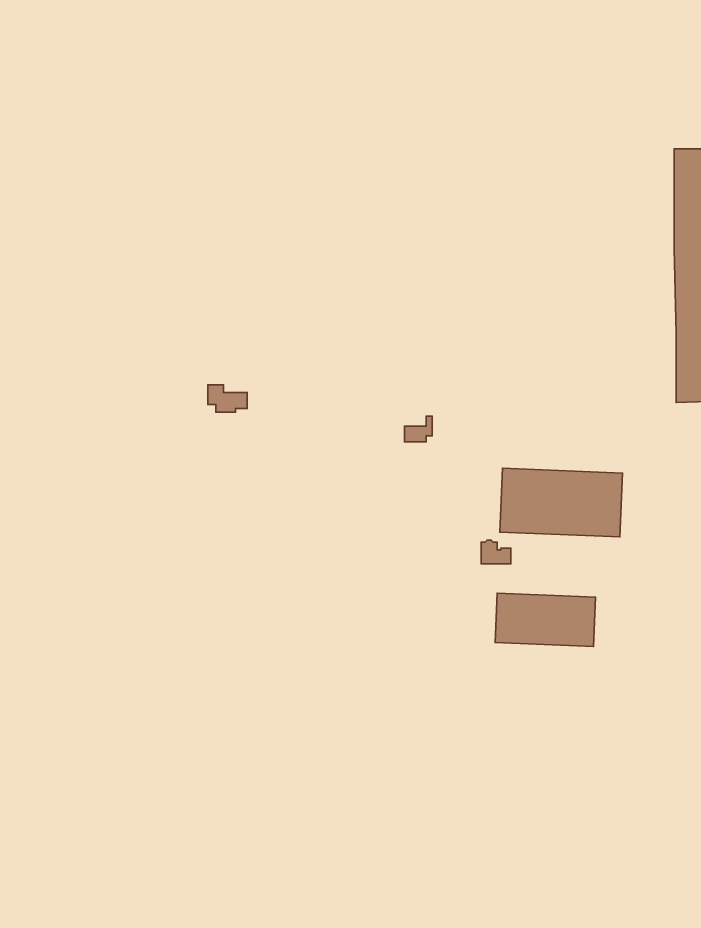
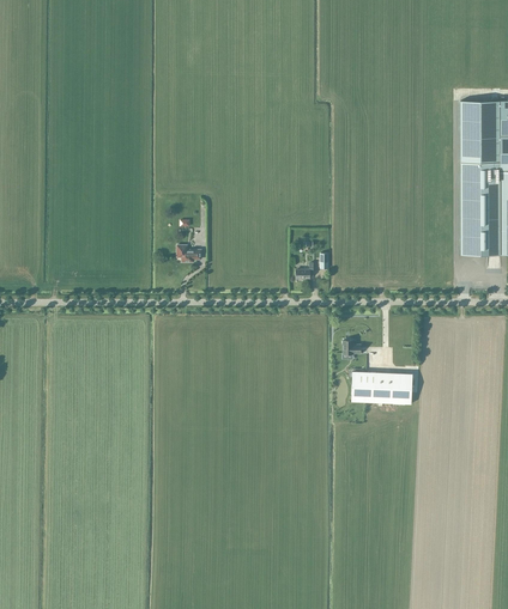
building: [500,468,622,537] -> none

